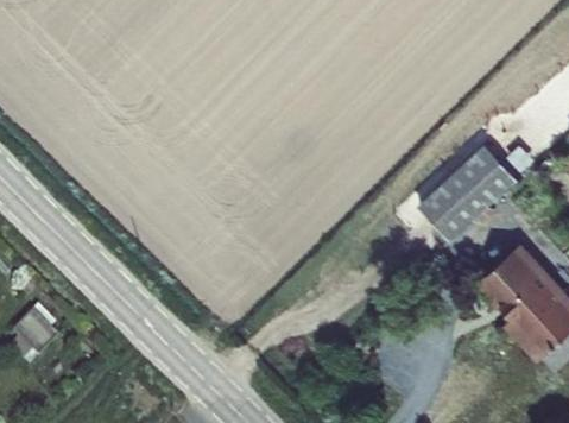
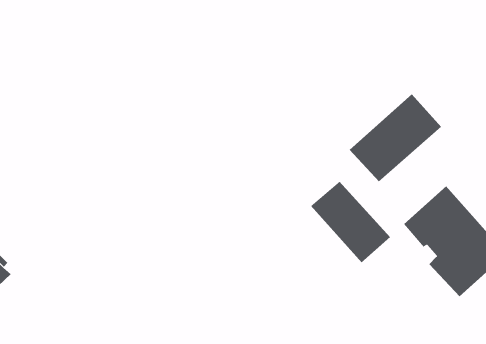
building: none -> [310,181,391,263]

